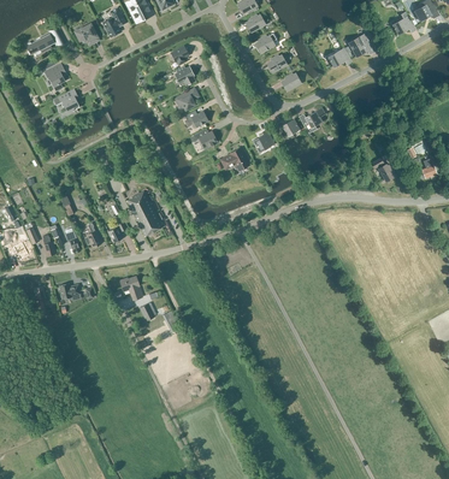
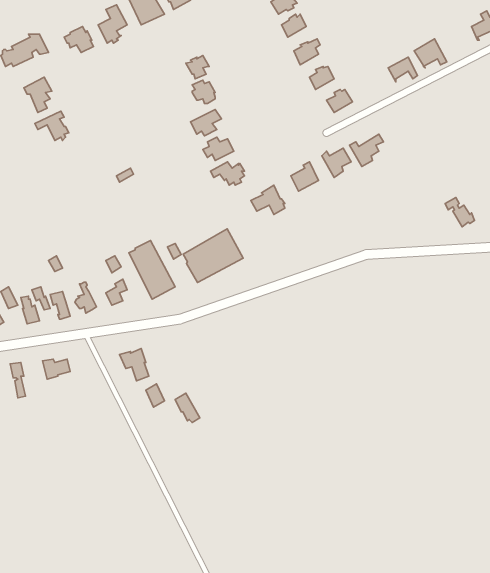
building: none -> [183,229,243,283]

